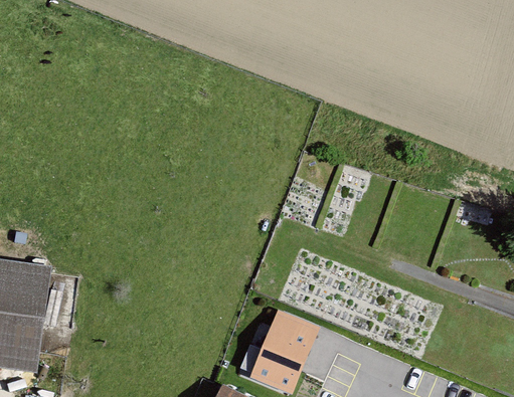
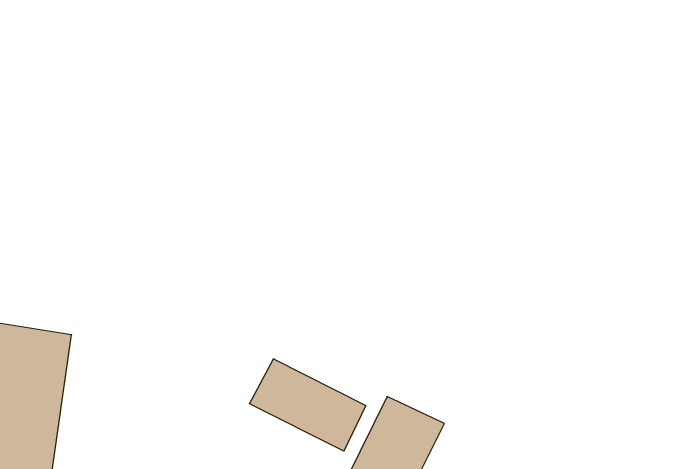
building: none -> [249,359,366,451]

